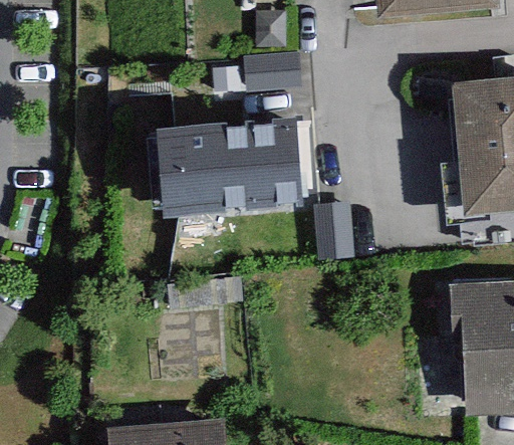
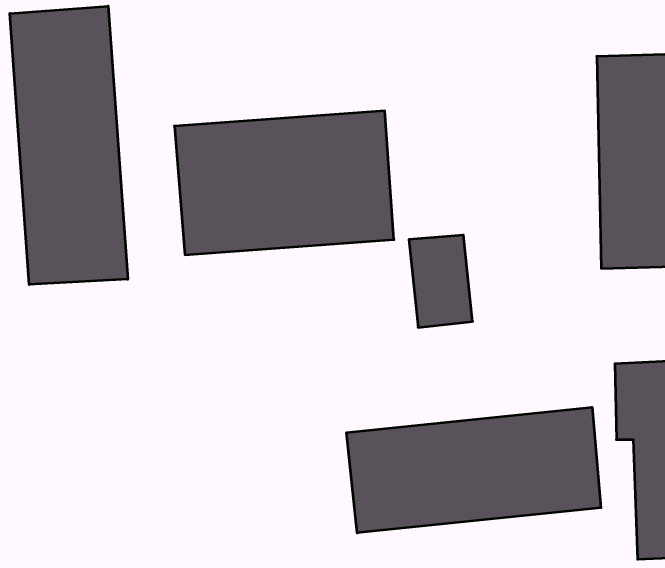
building: none -> [10,6,128,285]
building: none -> [347,407,601,533]

